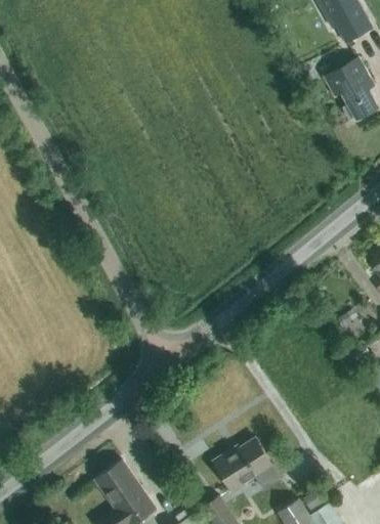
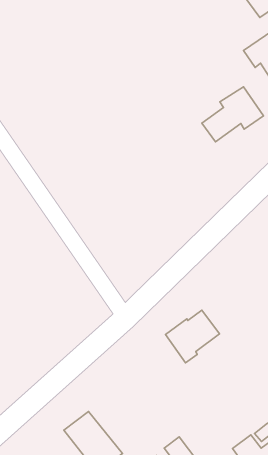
building: none -> [202,87,264,142]
building: [213,437,272,493] -> [166,310,220,363]

